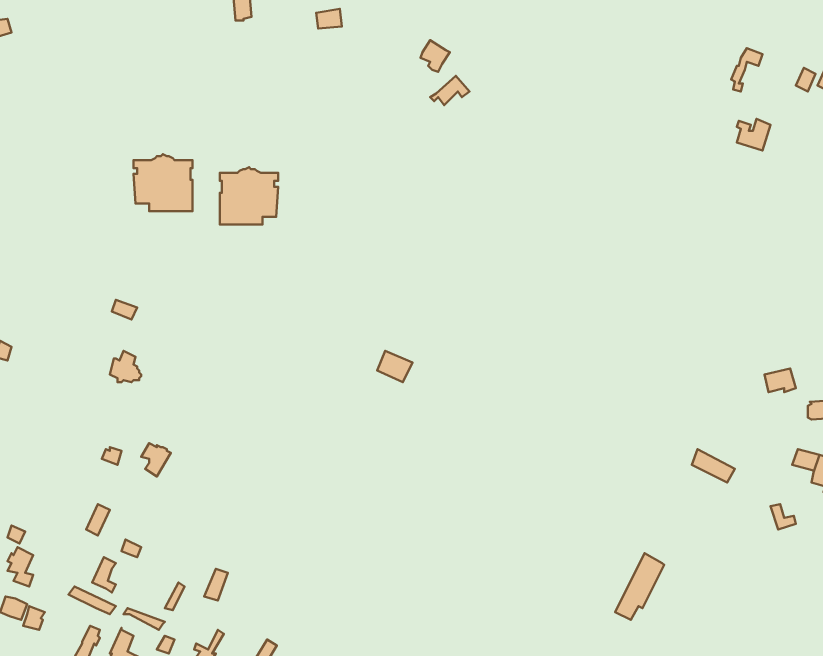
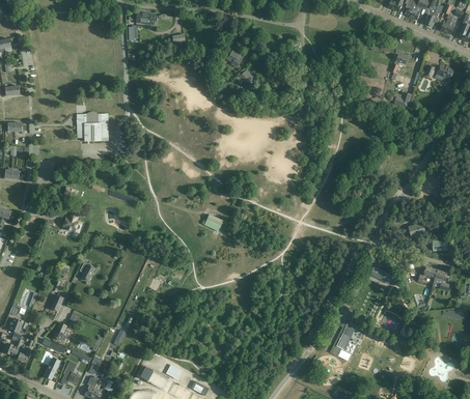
building: [220,167,278,225] -> none

